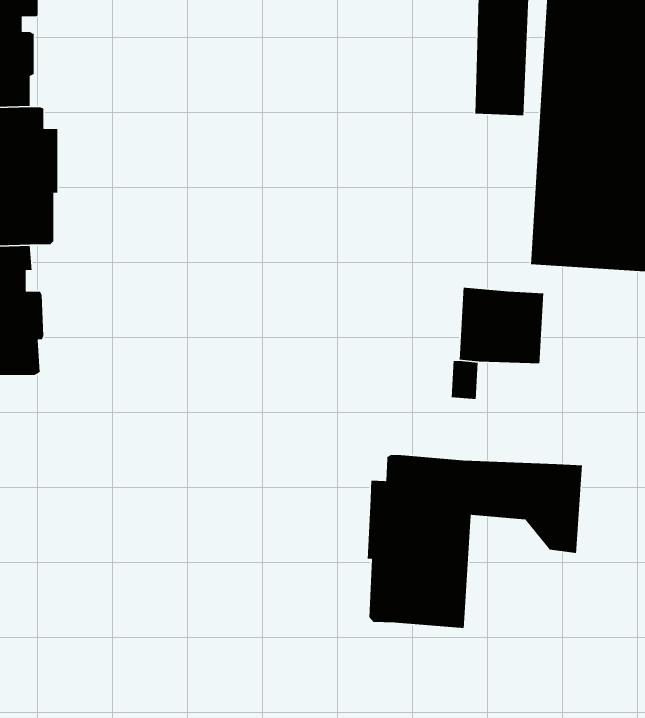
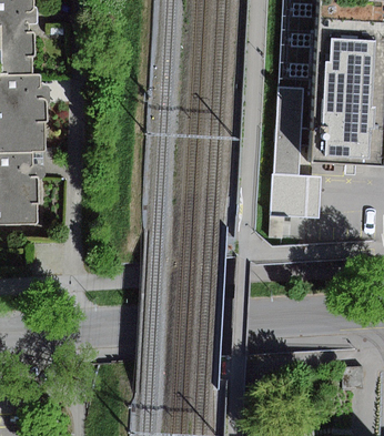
building: none -> [274,87,303,178]
building: [367,454,583,629] -> none

